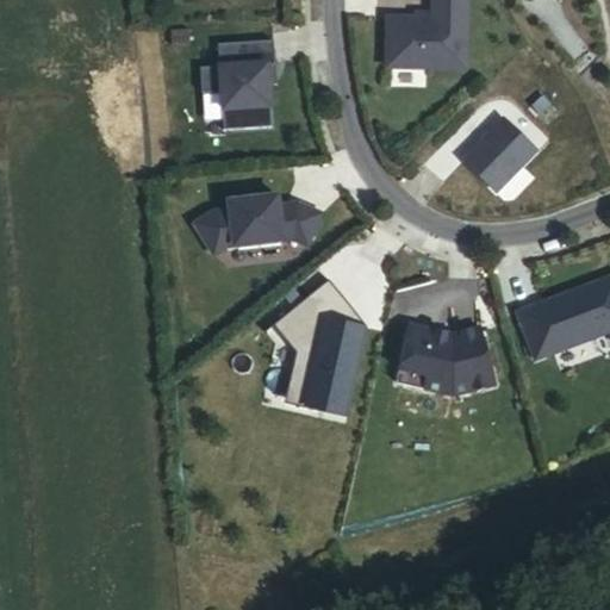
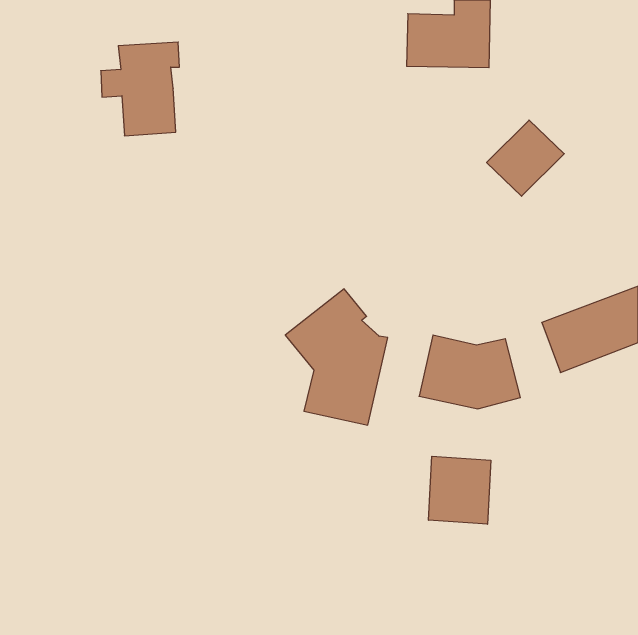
building: [200,41,275,130] -> [101,42,179,136]
building: [193,194,320,253] -> none
building: none -> [429,456,491,524]

